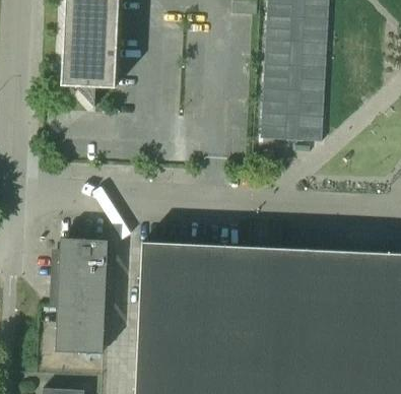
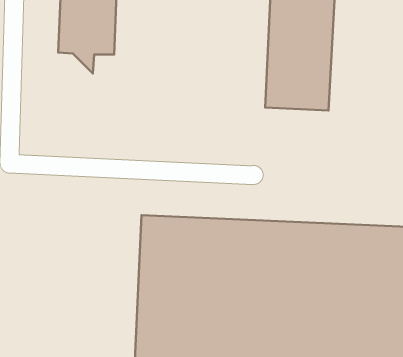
building: [56,236,109,351] -> none

